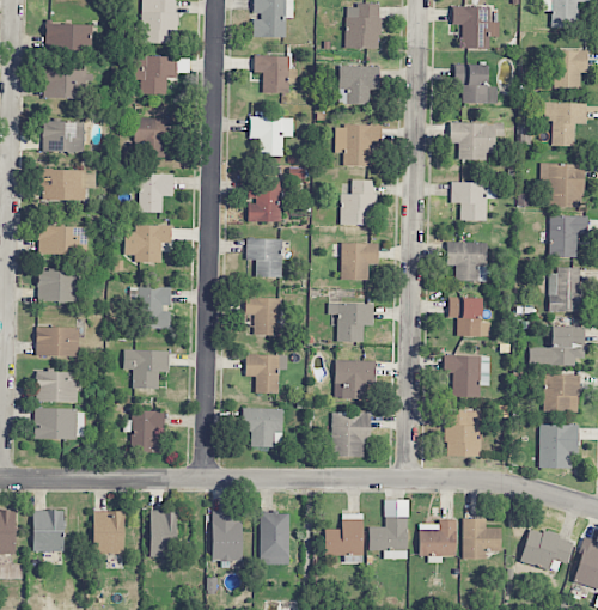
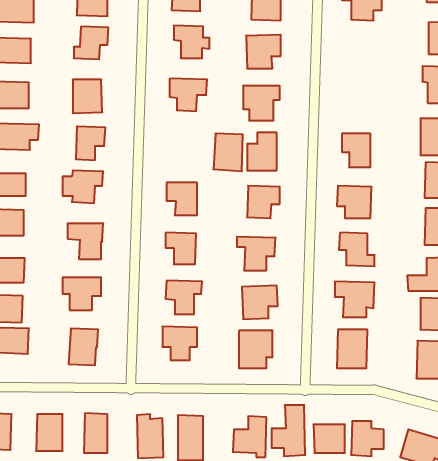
building: [454,63,498,103] -> none
building: [450,121,504,159] -> none
building: [248,178,282,222] -> [213,134,243,171]

